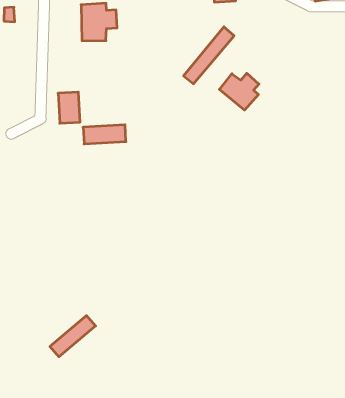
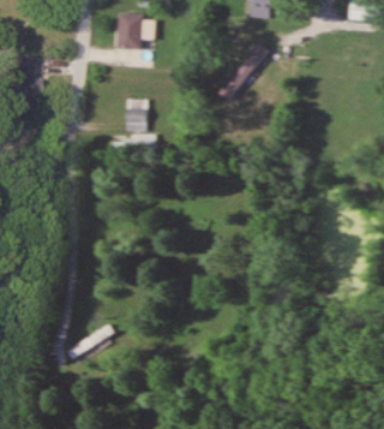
building: [219,73,259,110] -> none
building: [58,92,80,123] -> [126,100,146,130]

